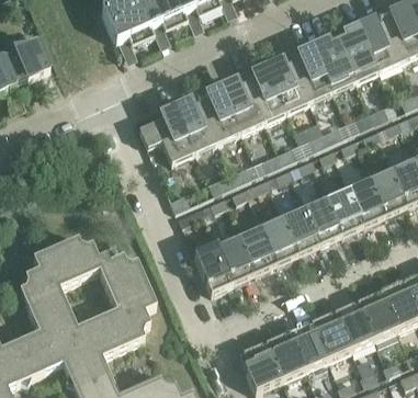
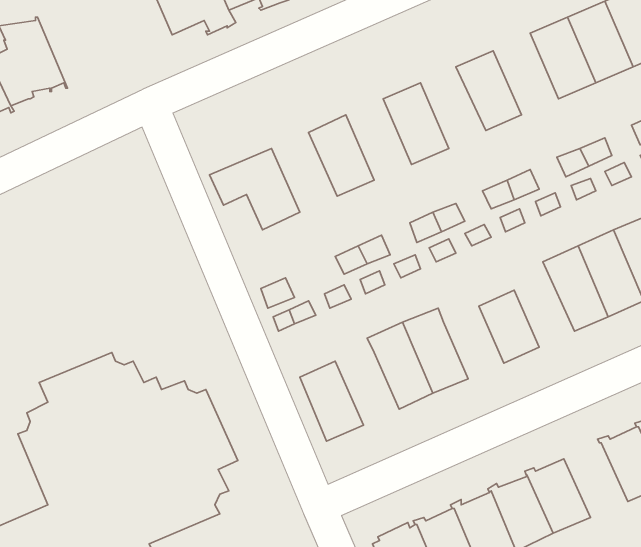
building: [314,39,354,90] -> none
building: [269,60,309,111] -> none
building: [223,80,263,130] -> none
building: [177,101,217,150] -> none
building: [323,181,364,234] -> none
building: [283,208,320,253] -> none
building: [216,237,256,282] -> none
building: [357,293,397,339] -> none

